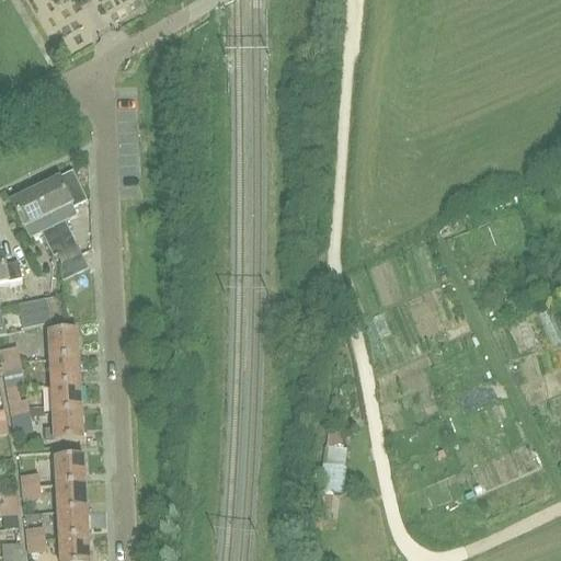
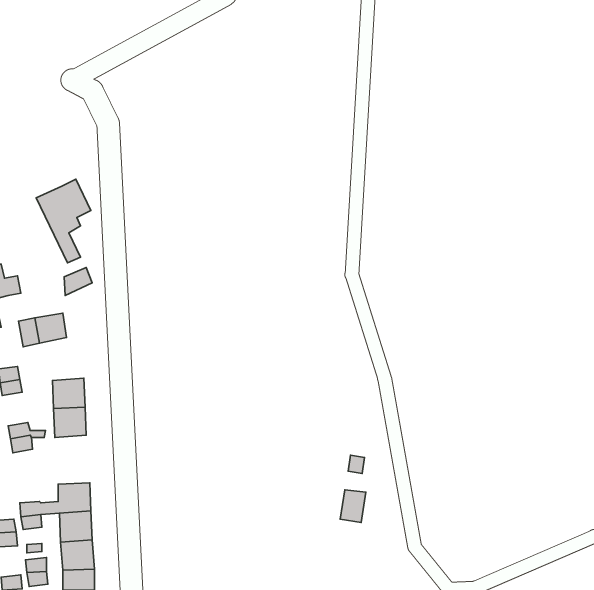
building: [10,186,64,253] -> none
building: [47,329,79,358] -> none
building: [45,410,82,438] -> none

